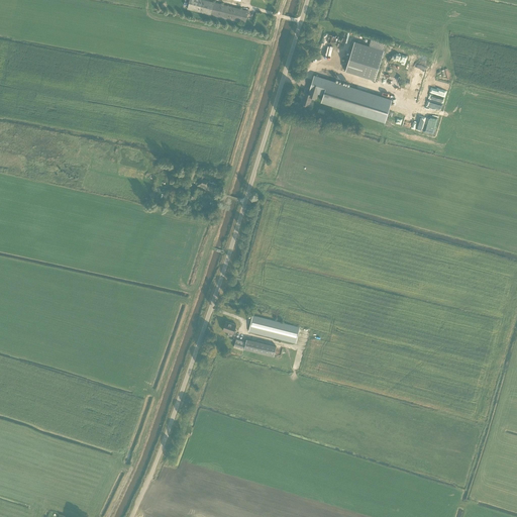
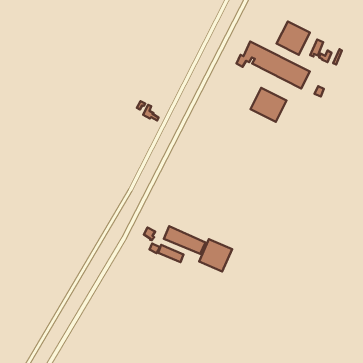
building: none -> [251,88,287,122]
building: none -> [199,239,232,272]

